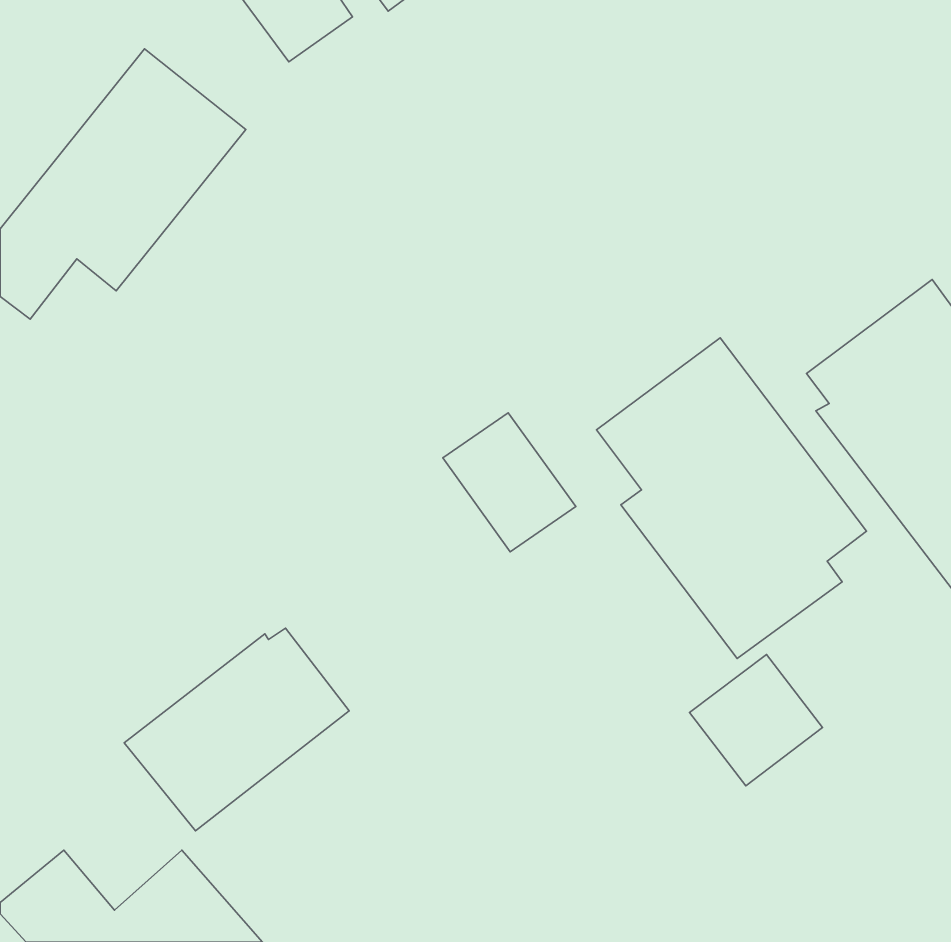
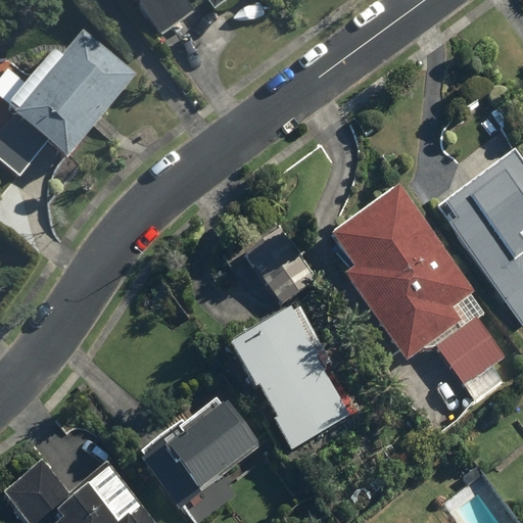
building: none -> [228,307,350,448]
building: [124,628,349,831] -> [140,397,263,508]
building: [689,654,823,786] -> [435,312,508,383]

